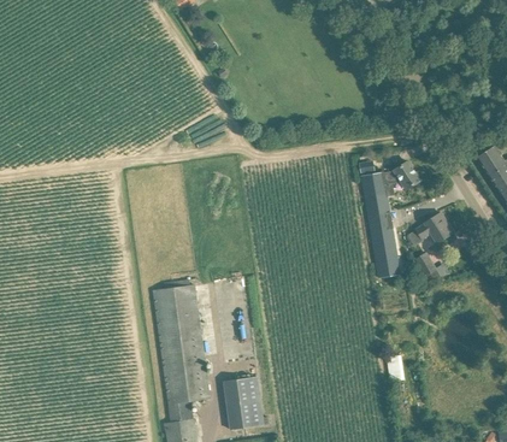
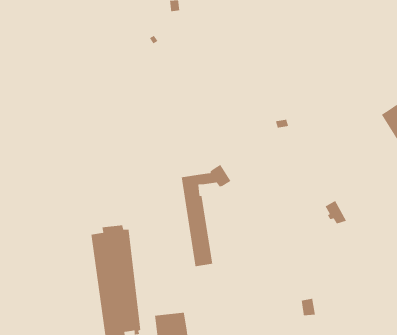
building: [362,161,419,277] -> [181,164,231,267]
building: [408,213,453,246] -> none

